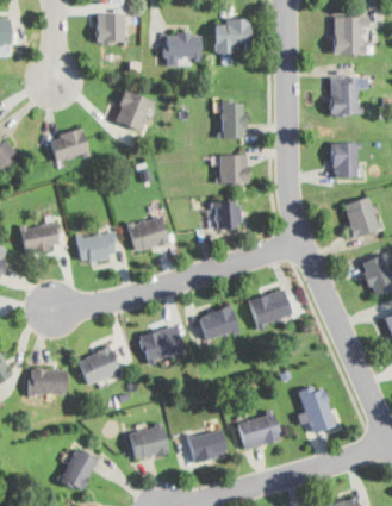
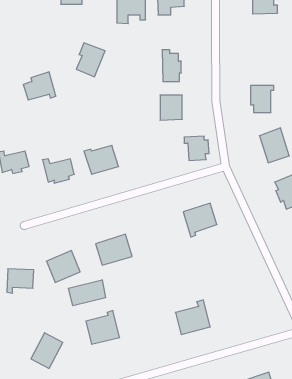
building: [330,75,362,115] -> none
building: [211,201,242,231] -> [184,136,209,160]
building: [199,307,238,341] -> none
building: none -> [68,280,105,306]
building: [298,386,336,433] -> none
building: [187,429,228,464] -> none

